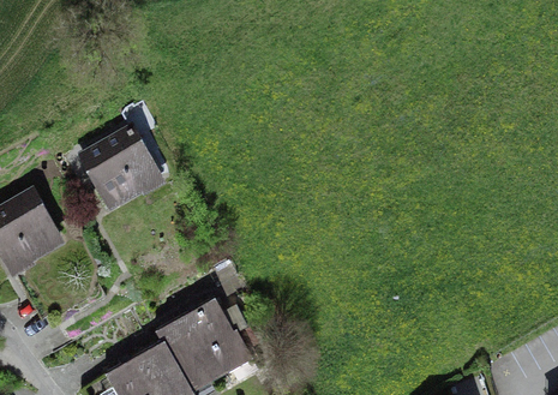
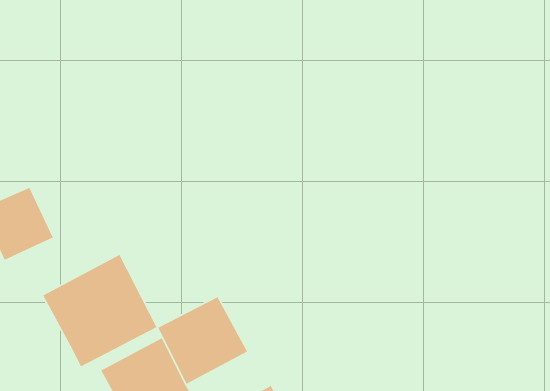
building: [70,127,158,204] -> none
building: none -> [42,254,157,368]

